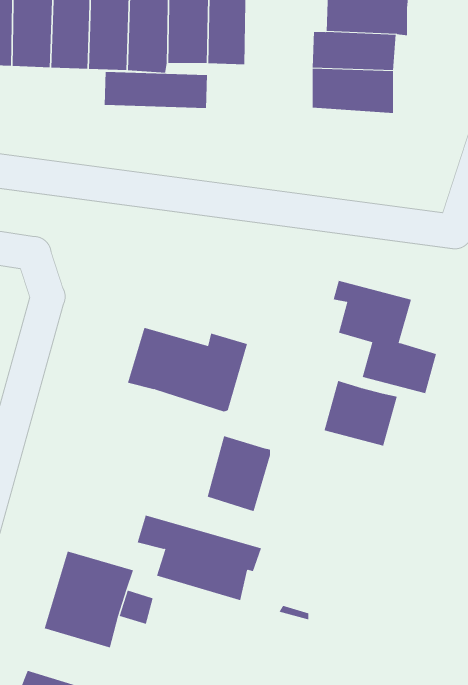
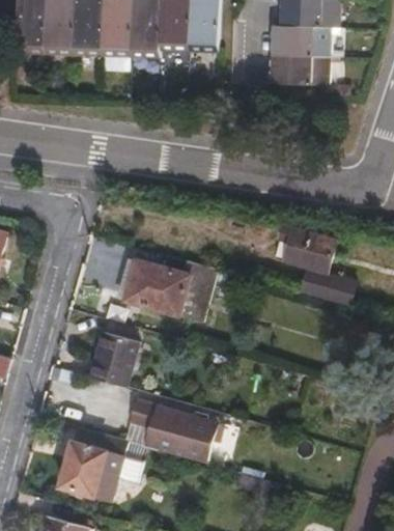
building: [104,71,207,109] -> none
building: [324,380,397,447] -> none
building: [207,436,271,512] -> [93,328,141,385]

